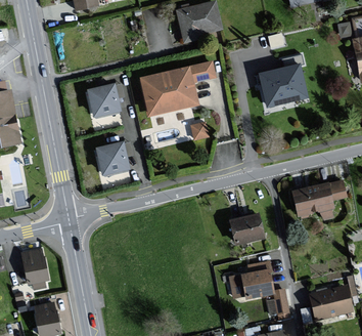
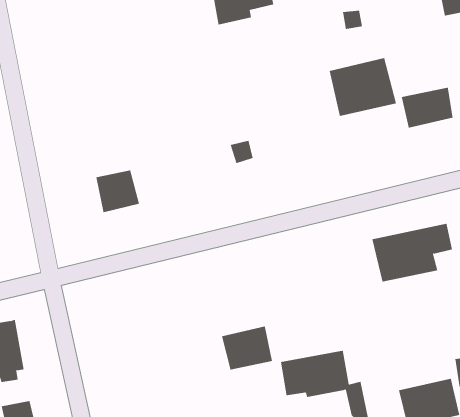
building: [144,62,214,112] -> none
building: [90,83,121,114] -> none
building: none -> [401,87,453,128]
building: [228,214,264,245] -> [221,326,273,370]

